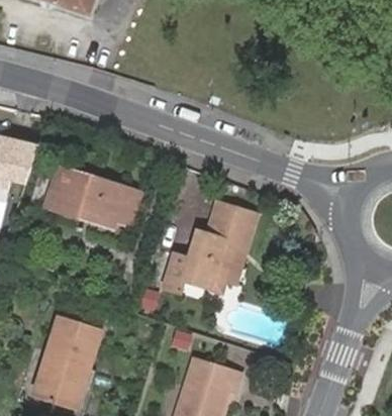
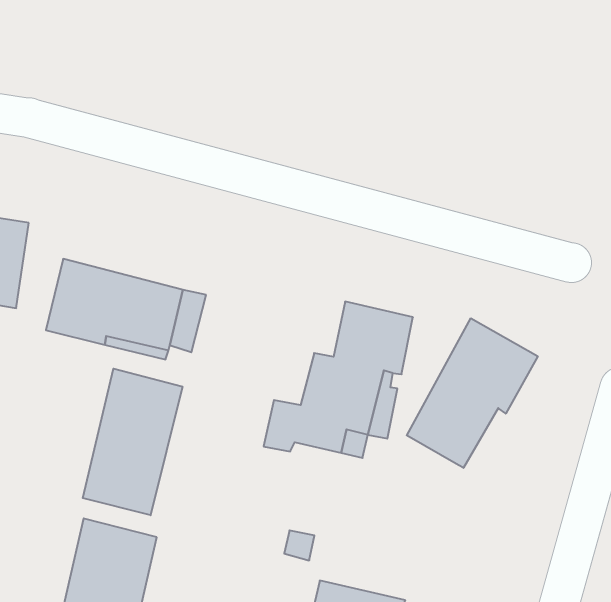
building: none -> [407,318,538,468]
building: none -> [83,369,182,515]

